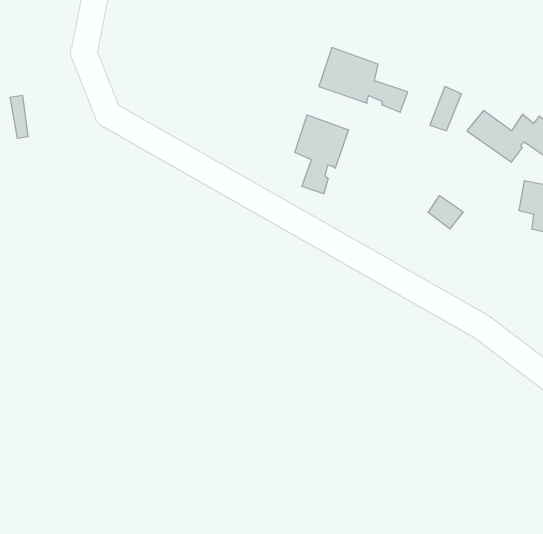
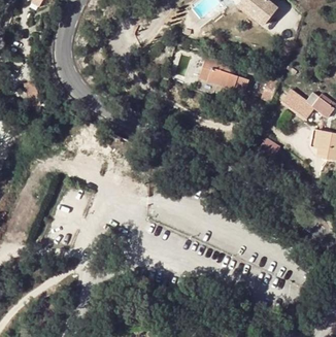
building: [295,115,349,194] -> none

